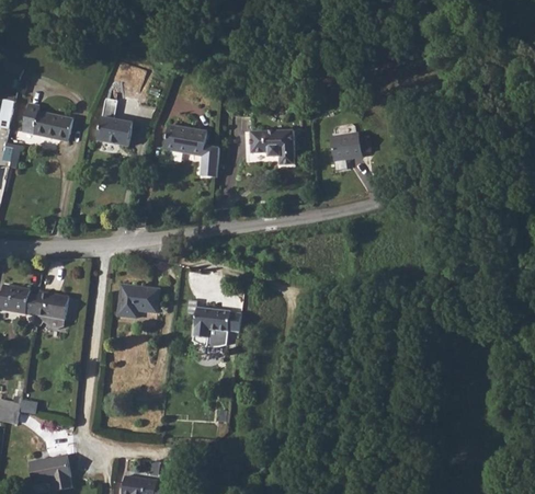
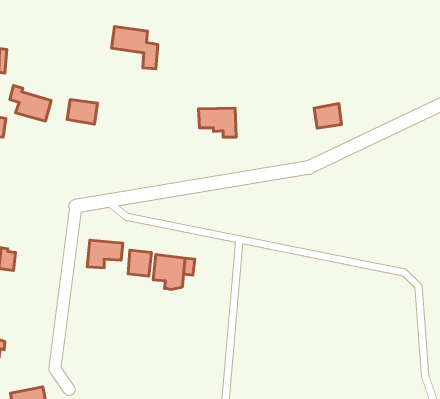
building: [163,124,217,173] -> [112,26,158,69]
building: [330,133,362,161] -> [314,104,342,128]
building: [33,295,66,322] -> none
building: none -> [128,250,151,276]

